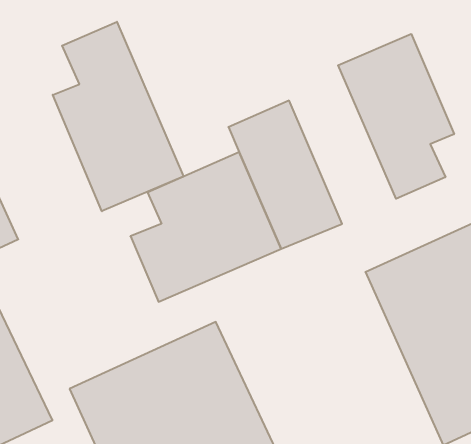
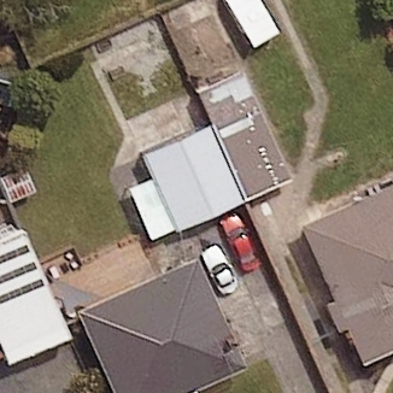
building: [53,22,184,211] -> none
building: [338,34,454,199] -> none

